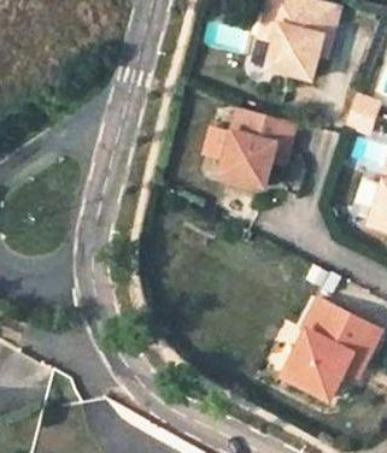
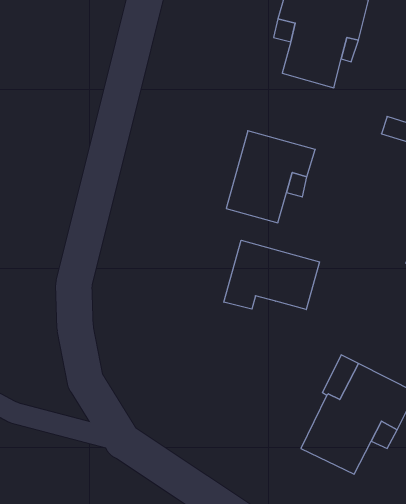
building: none -> [224,240,319,310]

